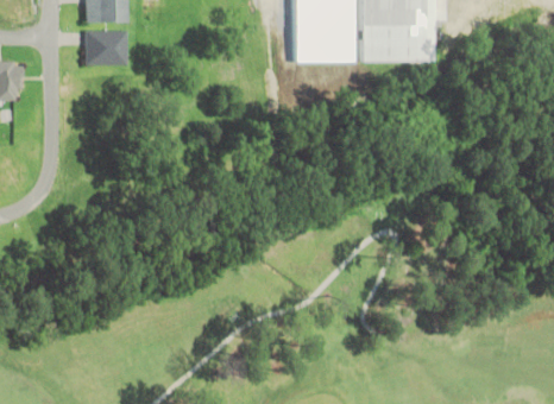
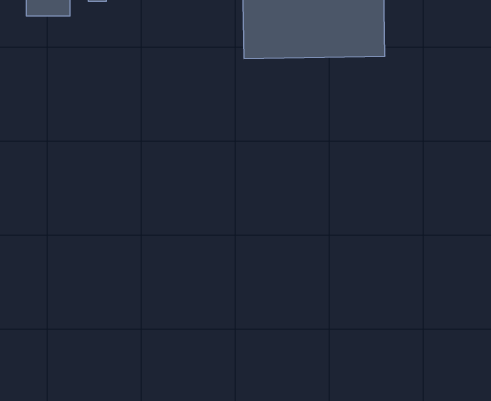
building: [84,31,126,64] -> none

